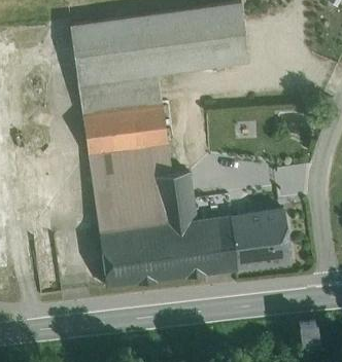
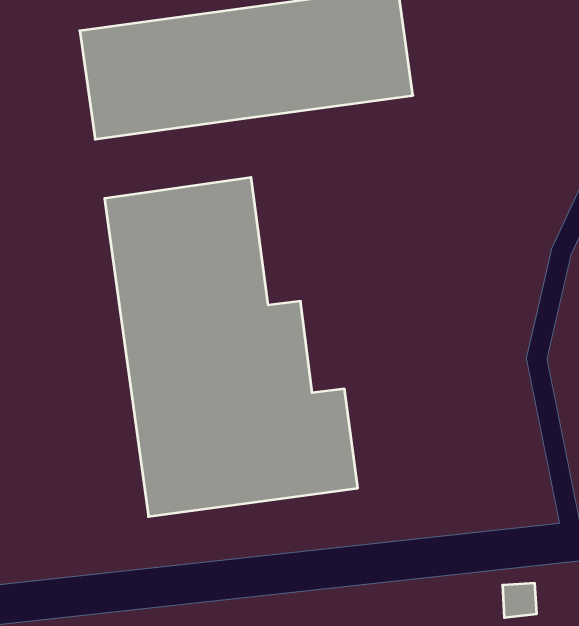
building: [78,73,163,116] -> none
building: [213,209,292,273] -> none

